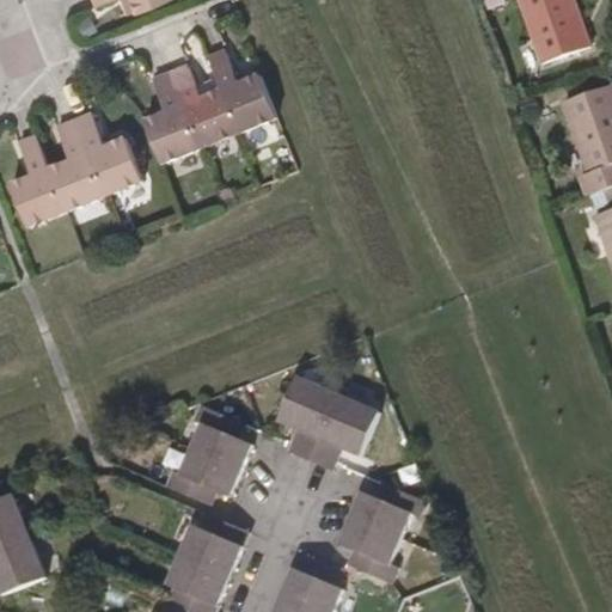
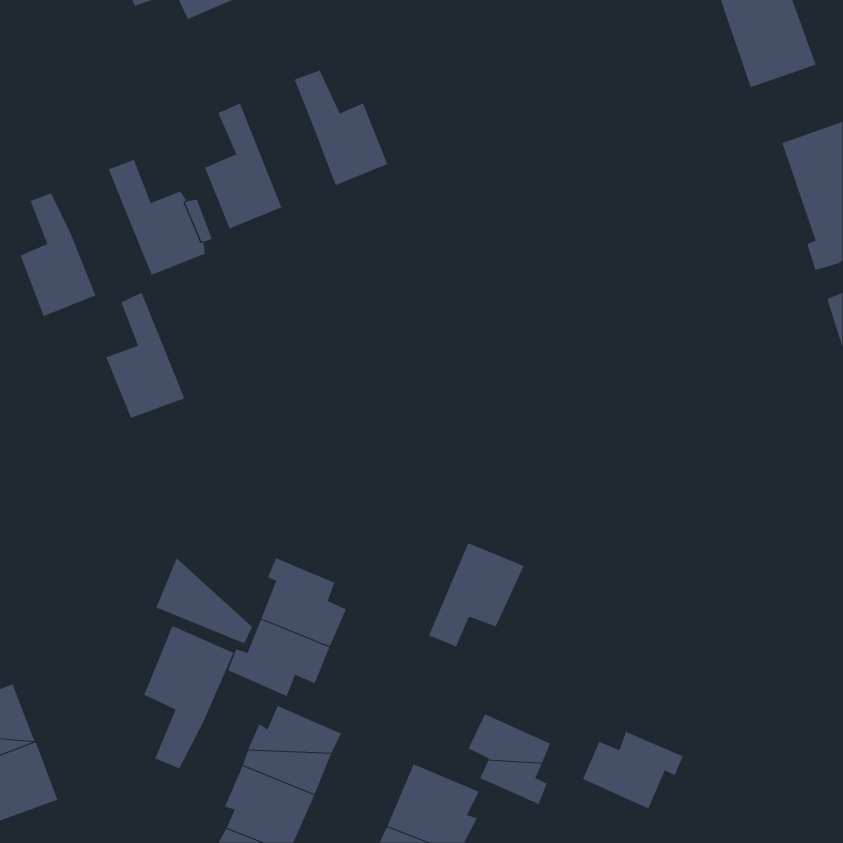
building: [173,65,241,149] -> none
building: [51,122,109,213] -> [106,292,185,418]
building: [275,373,337,458] -> none
building: none -> [156,558,253,644]
building: none -> [144,625,234,769]
building: [349,479,422,536] -> [582,731,684,809]

